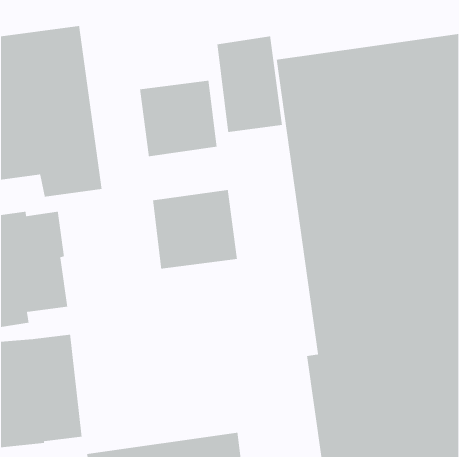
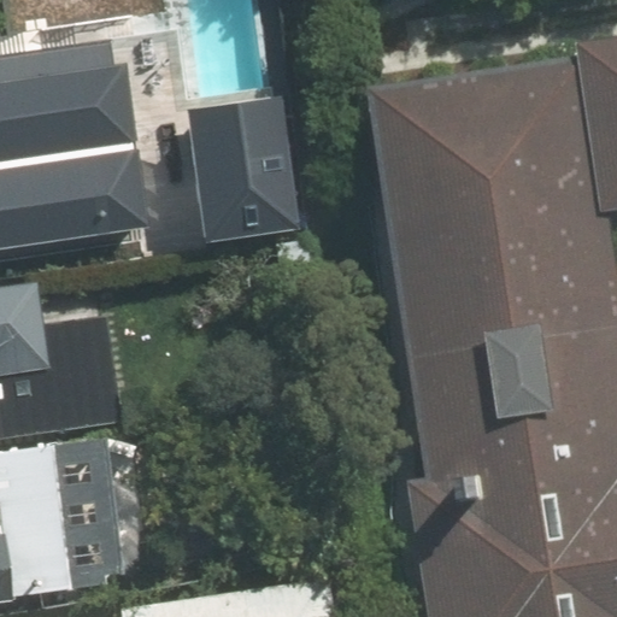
building: [216,36,283,133] -> none
building: [152,189,238,270] -> none

